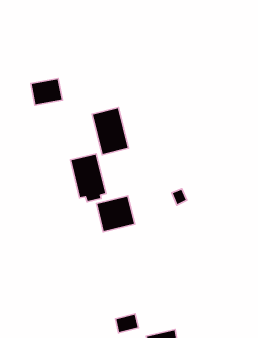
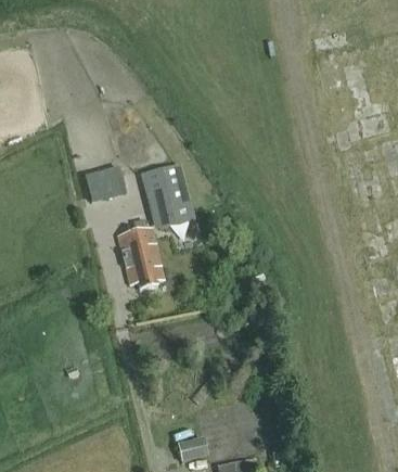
building: [31,79,62,105] -> [85,165,126,200]
building: [96,196,135,232] -> none

